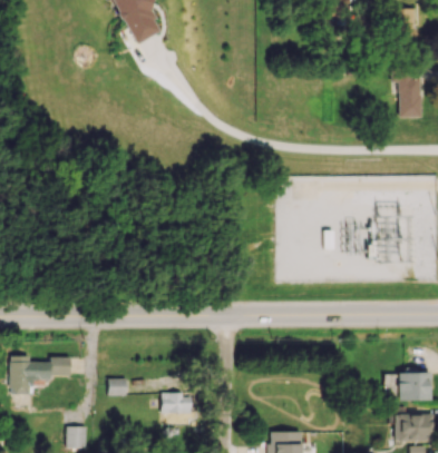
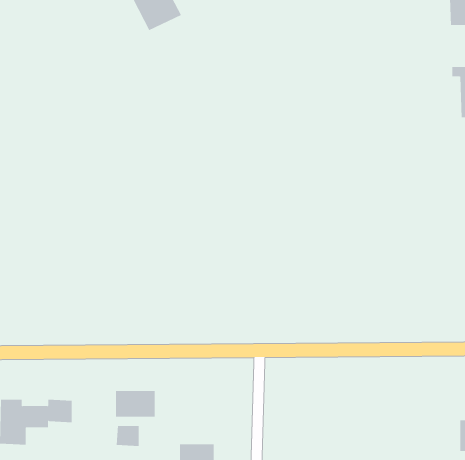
building: none -> [115,390,155,417]

